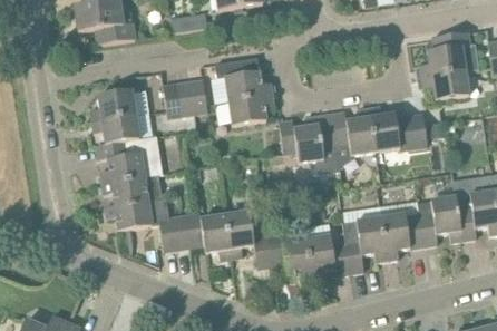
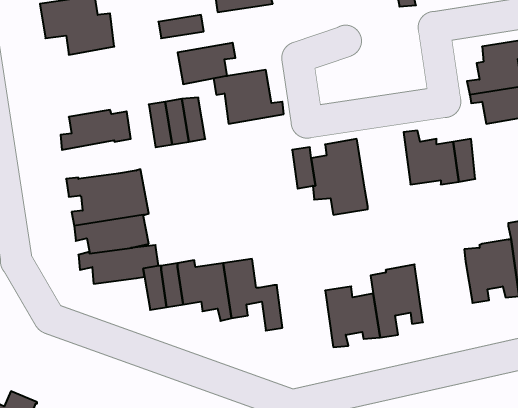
building: [227,93,274,126] -> [178,43,235,84]
building: [331,107,374,155] -> none
building: [92,114,138,145] -> none
building: [378,211,425,261] -> none
building: [266,228,312,283] -> none

